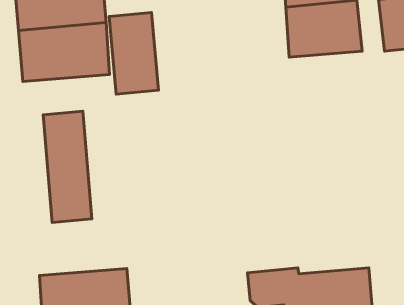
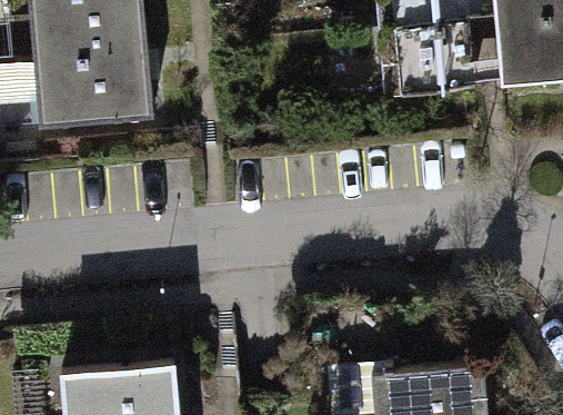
building: [109,12,158,94] -> none
building: [43,111,92,222] -> none

